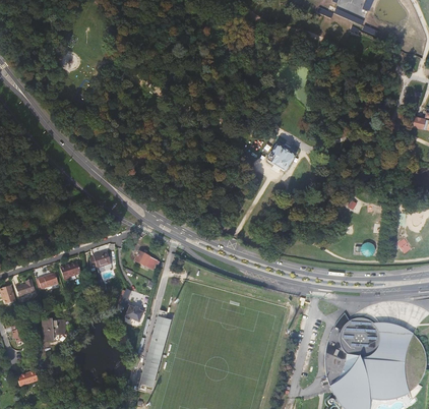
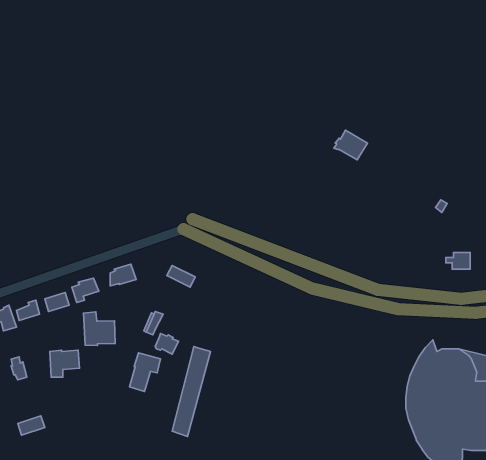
building: none -> [84,312,115,346]
building: none -> [129,353,160,391]

